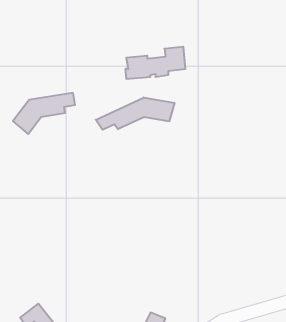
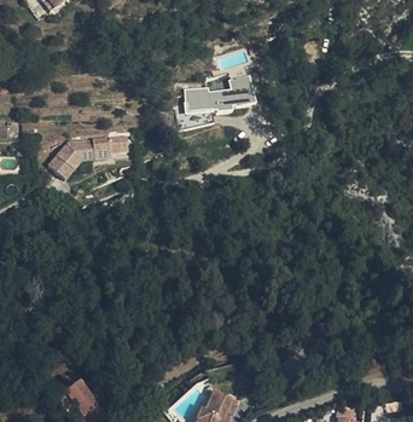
building: [96,97,174,130] -> none

